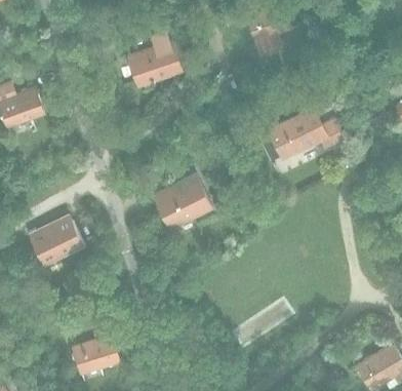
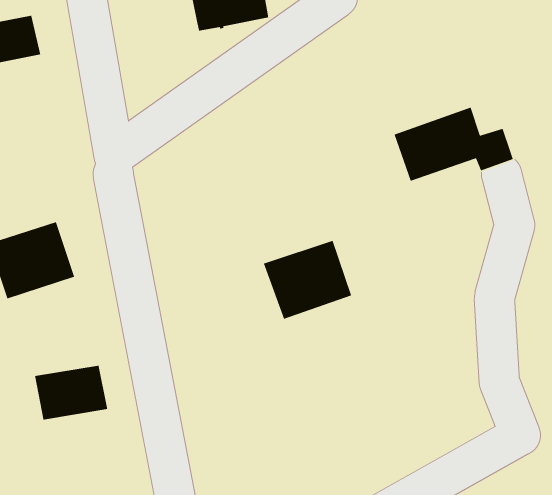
building: [153,175,210,229] -> [263,240,352,320]
building: [71,336,119,375] -> [34,365,108,420]

